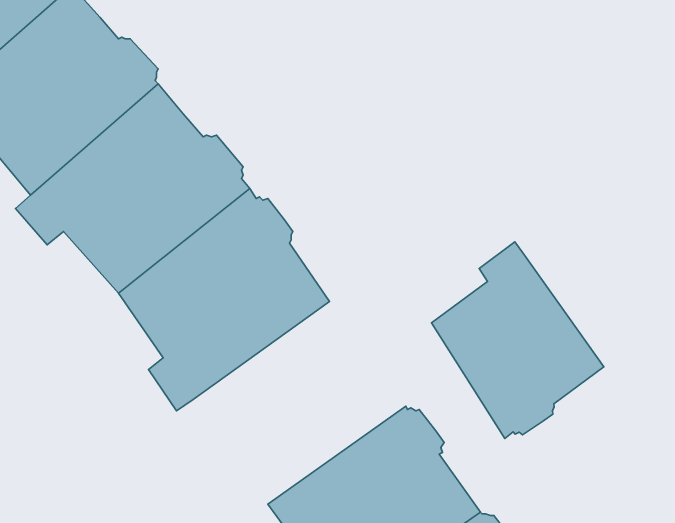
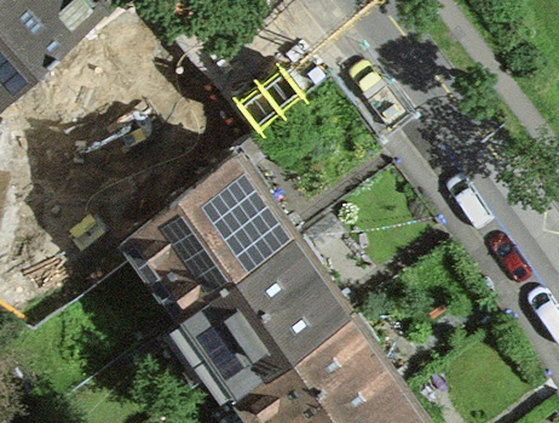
building: [431,242,604,438] -> none
building: none -> [186,239,341,395]

